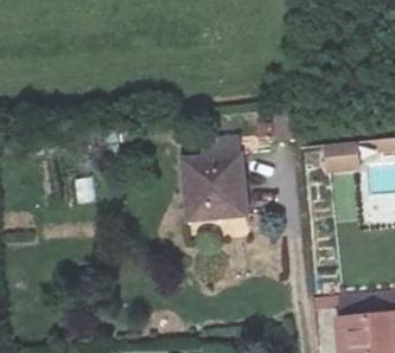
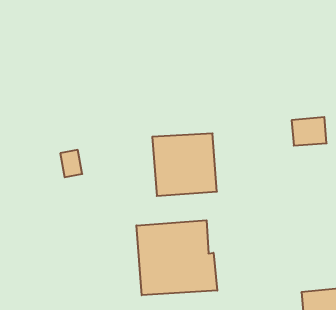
building: none -> [136,220,217,295]

